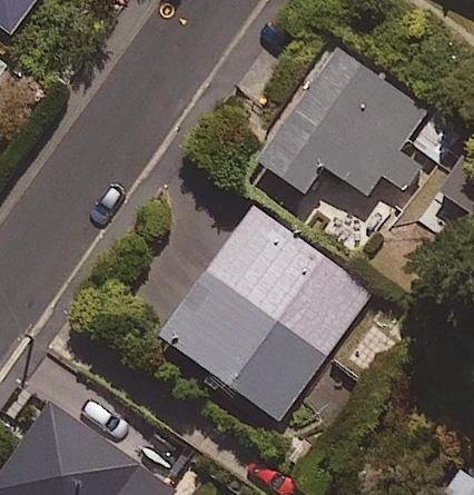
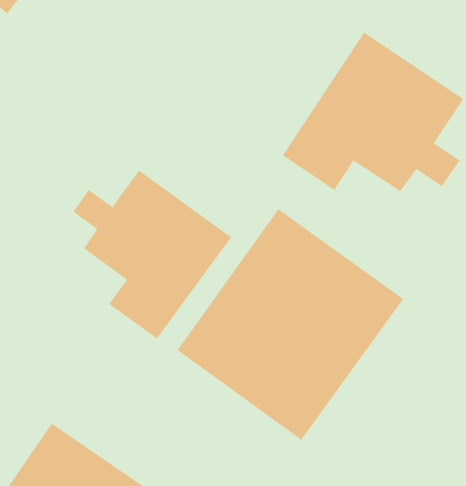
building: none -> [72,170,232,340]

